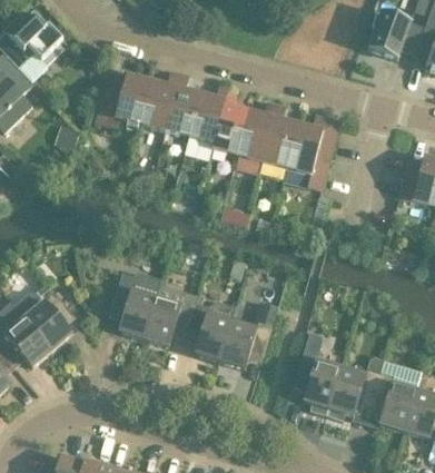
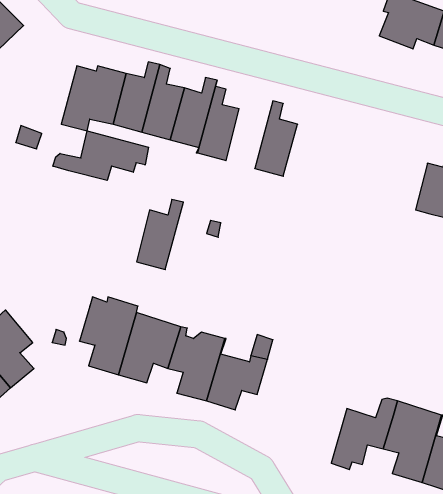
building: [237,101,277,161] -> [137,199,183,270]
building: [286,115,339,190] -> none
building: none -> [53,131,148,180]
building: [296,333,340,414] -> none

